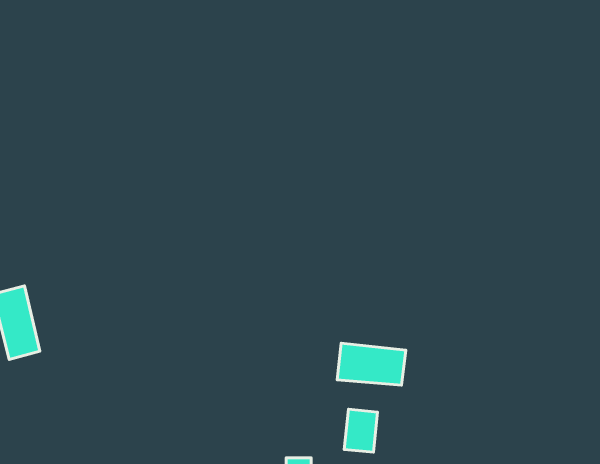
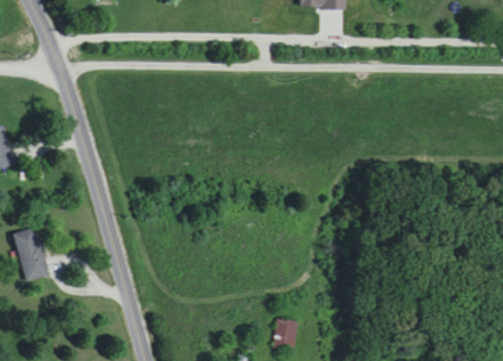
building: [337,343,406,385] -> none

